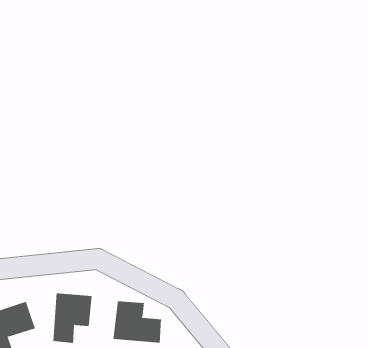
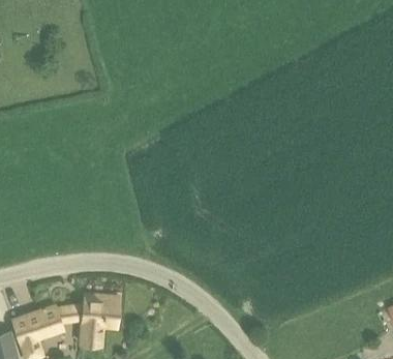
building: [113,300,162,344] -> none

